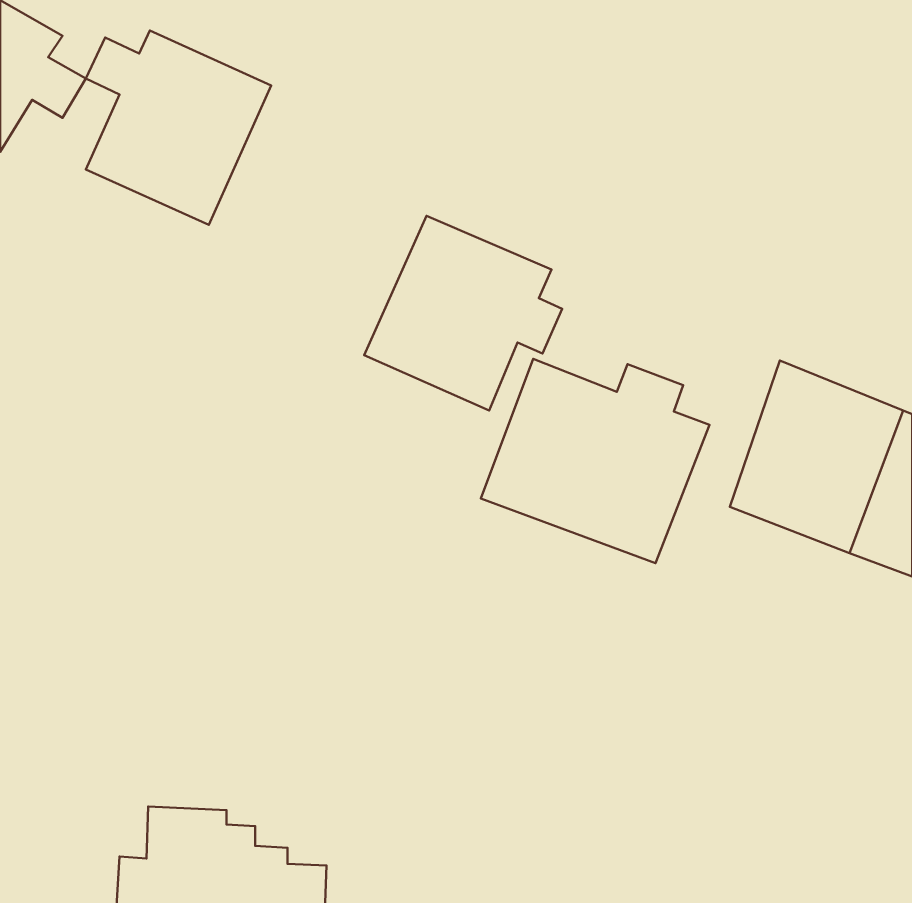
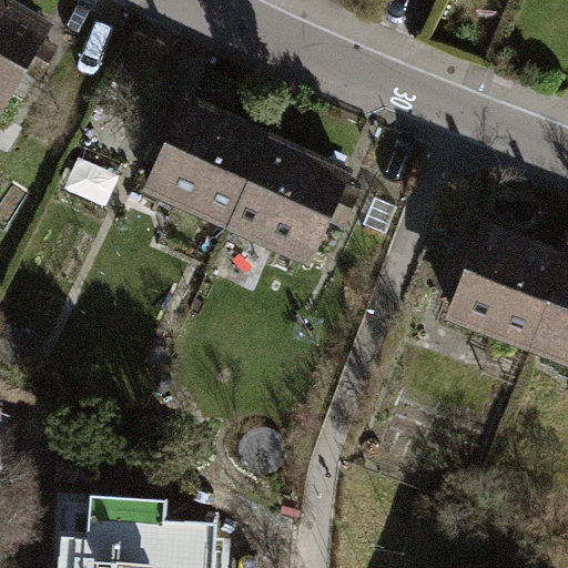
building: [86,30,271,225] -> [150,105,265,226]
building: [481,359,709,563] -> none

